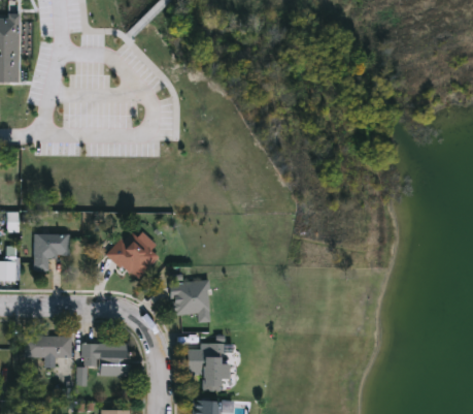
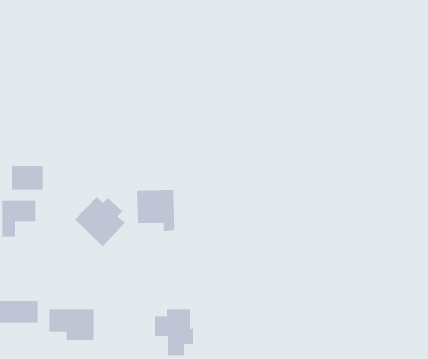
building: none -> [11,165,43,190]
building: [171,281,210,323] -> [136,190,175,232]

